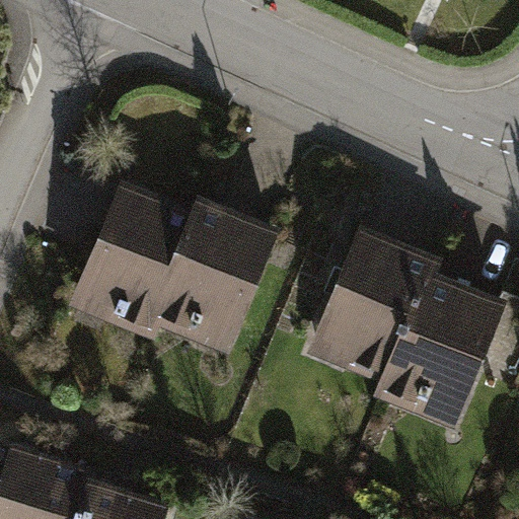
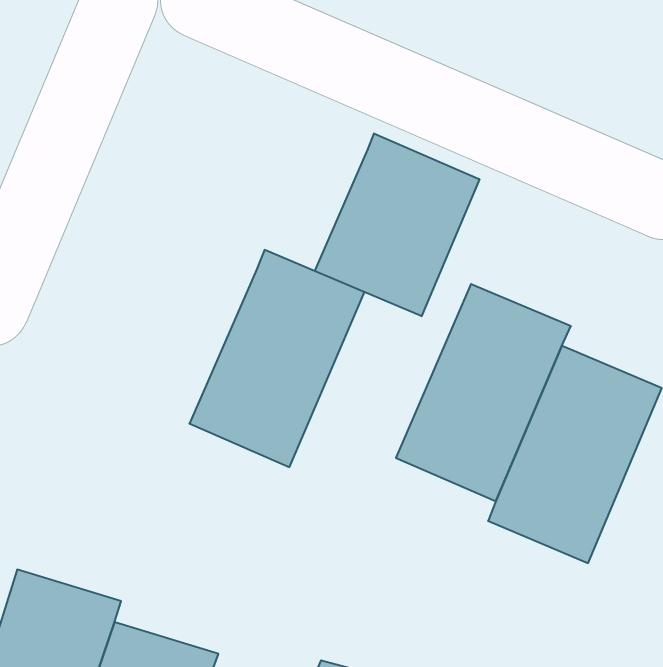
building: none -> [315,133,479,316]
building: [63,178,198,346] -> none

